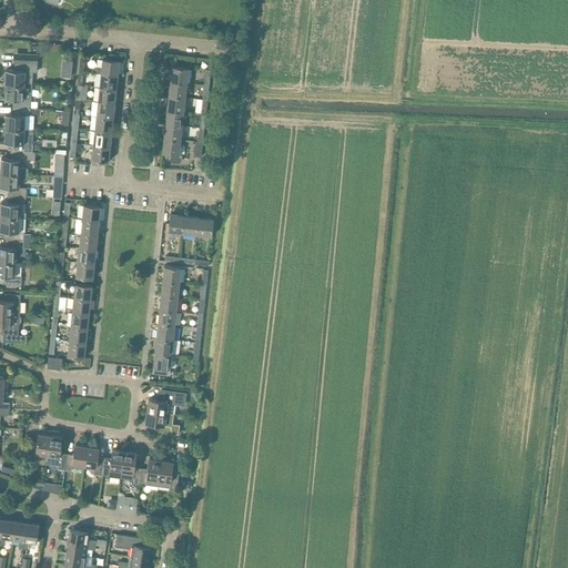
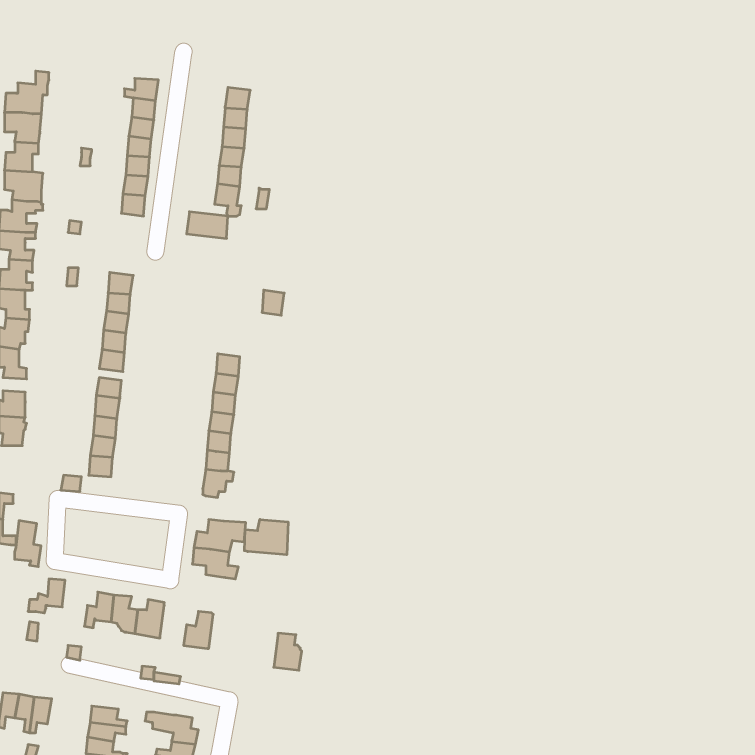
building: [166,215,197,235] -> [187,212,228,238]
building: none -> [244,519,288,555]
building: [45,436,65,470] -> [15,521,41,567]
building: [120,453,140,487] -> none
building: [156,462,178,489] -> [274,633,302,670]

